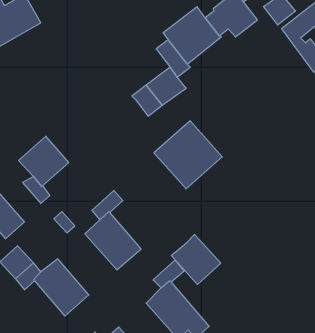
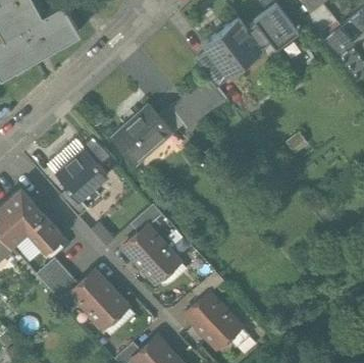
building: [154,121,222,189] -> [110,104,179,173]
building: [171,234,221,284] -> none

